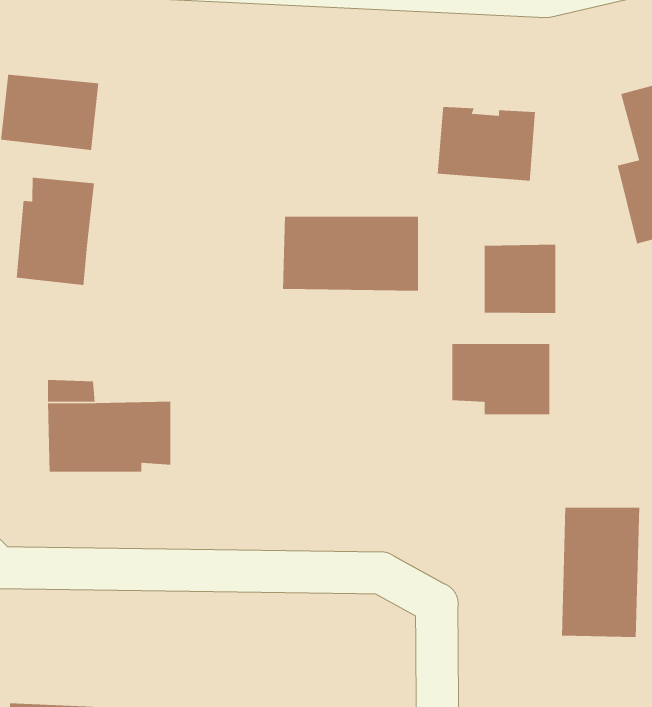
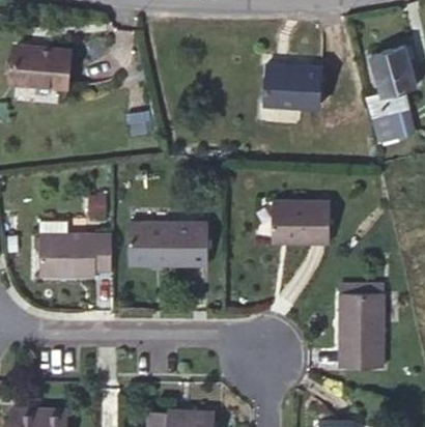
building: [16,177,95,286] -> none
building: [282,216,419,291] -> [129,223,207,266]
building: [484,244,556,314] -> none

